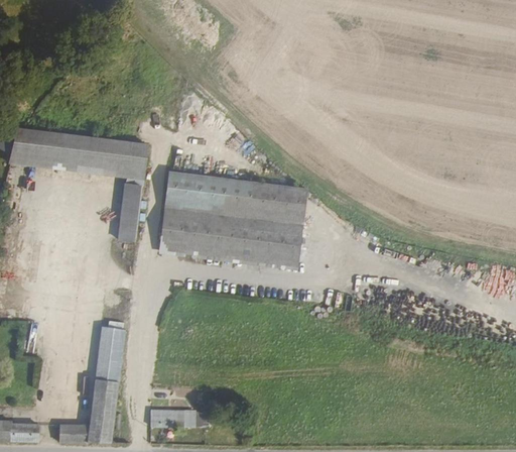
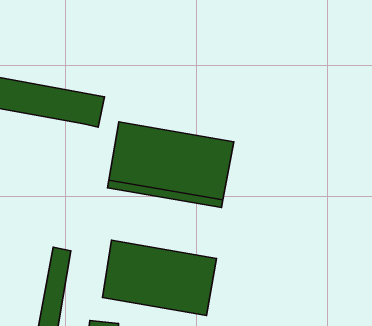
building: [118,183,142,240] -> none
building: none -> [102,240,216,315]

